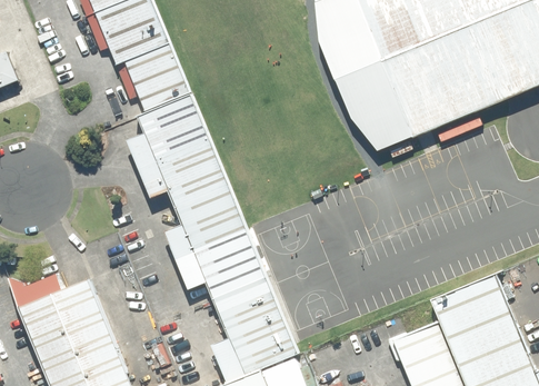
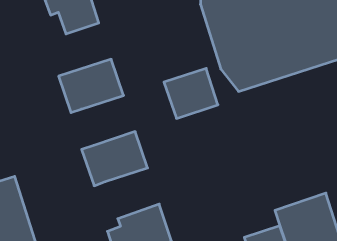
building: [137,70,200,139] -> none
building: [166,164,239,232] -> [164,68,218,118]
building: [204,257,278,327] -> none

